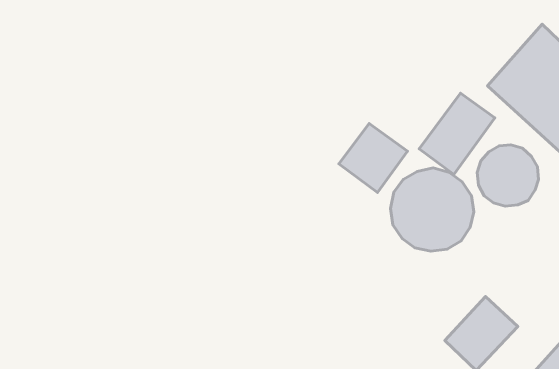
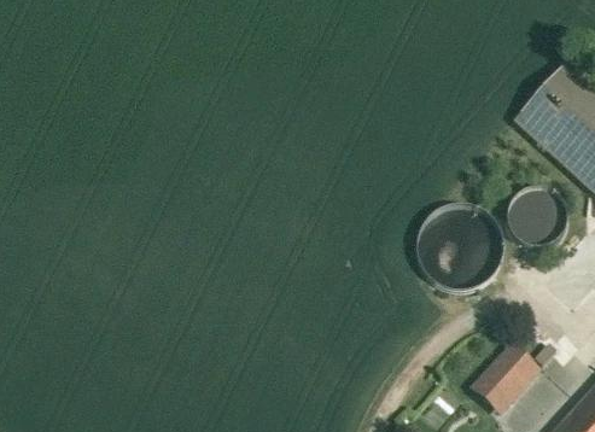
building: [419,93,495,175] -> none
building: [339,124,408,192] -> none

